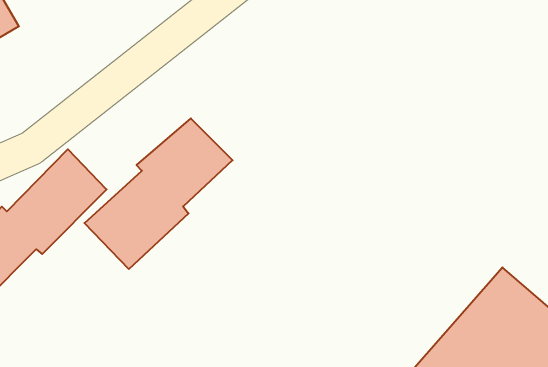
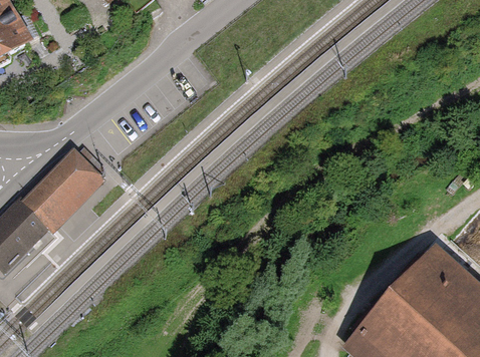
building: [84,118,233,269] -> none

